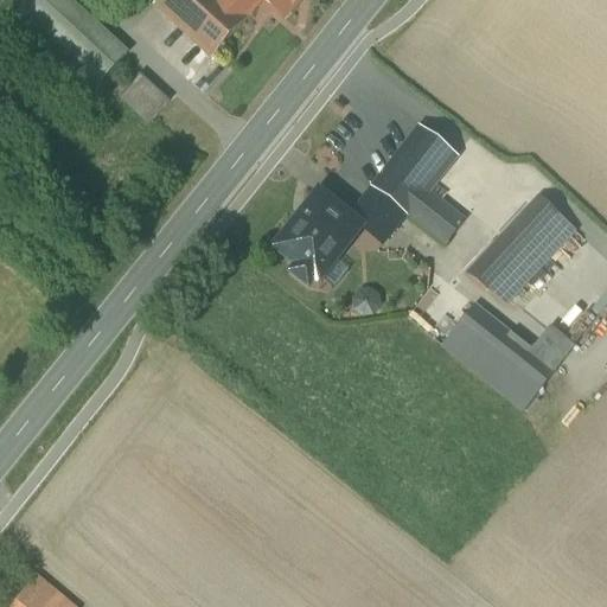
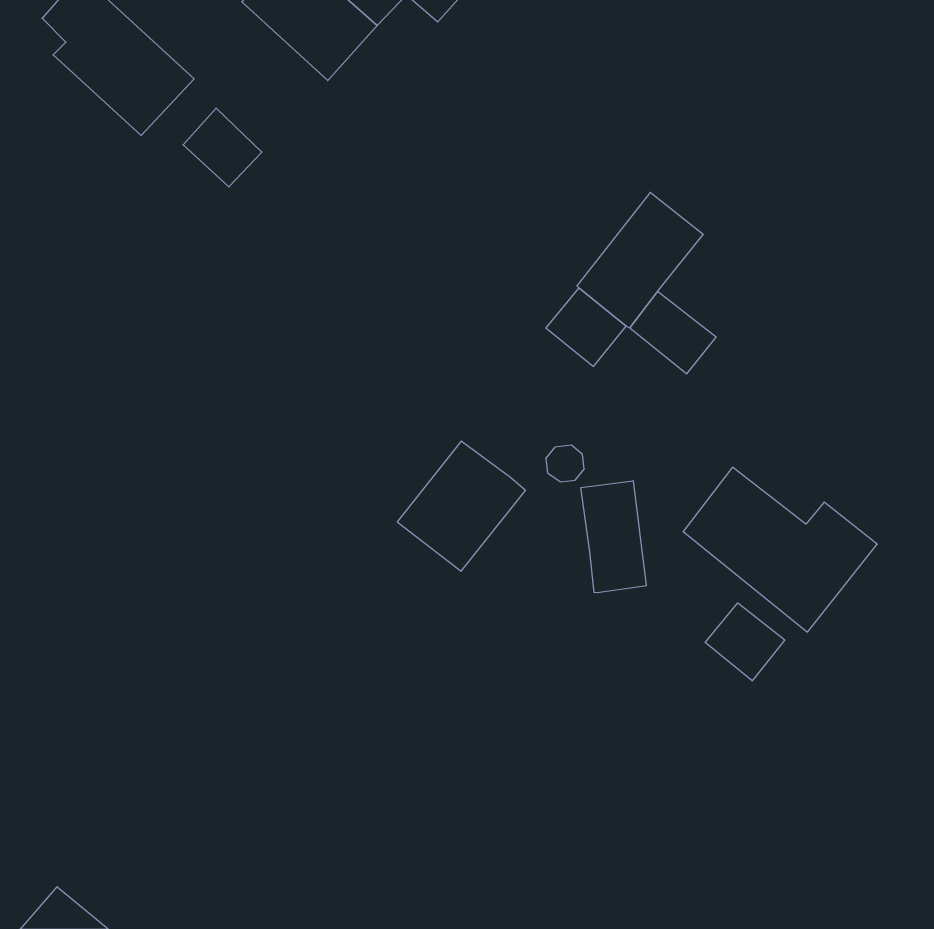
building: [276,193,359,277] -> [397,441,525,571]
building: [466,194,575,302] -> none
building: none -> [581,481,646,593]
building: none -> [705,603,785,681]

